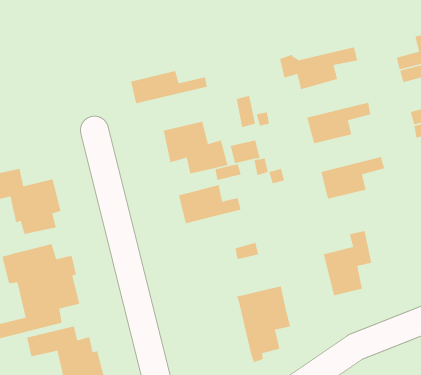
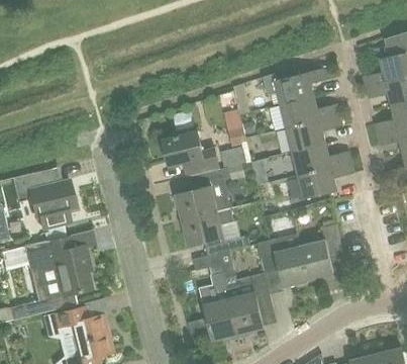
building: [130,70,208,104] -> none
building: none -> [281,95,339,127]
building: none -> [292,143,350,174]
building: none -> [182,207,233,246]
building: none -> [258,237,309,287]
building: none -> [193,252,240,341]

